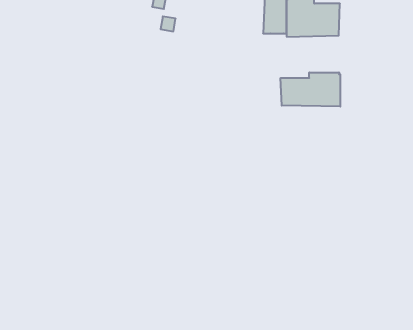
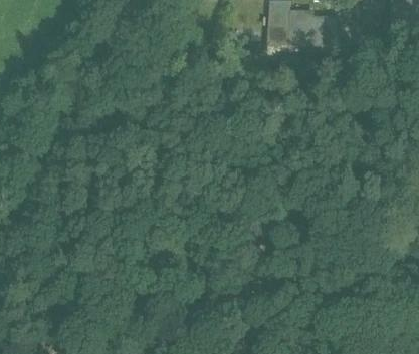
building: [281,72,340,107] -> none

